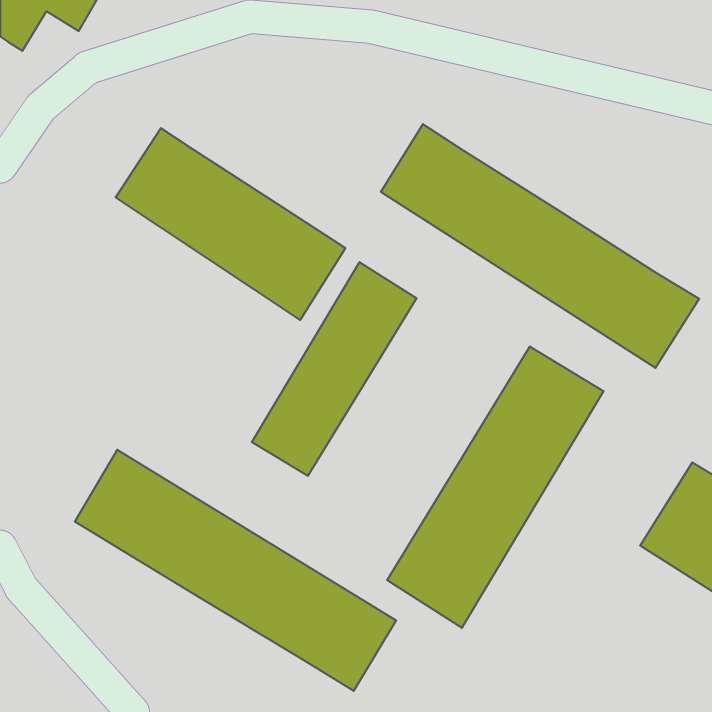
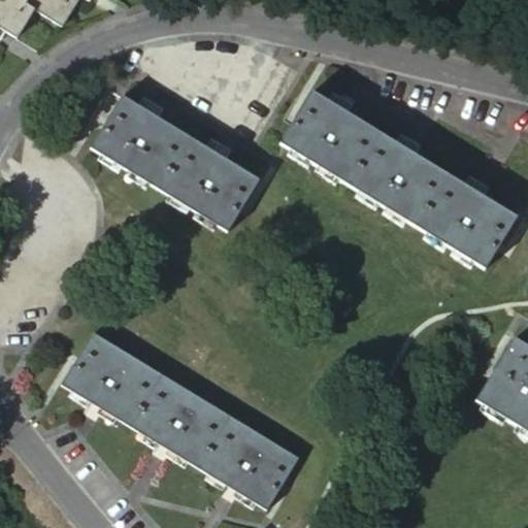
building: [252,262,416,476] -> none
building: [387,346,604,628] -> none

